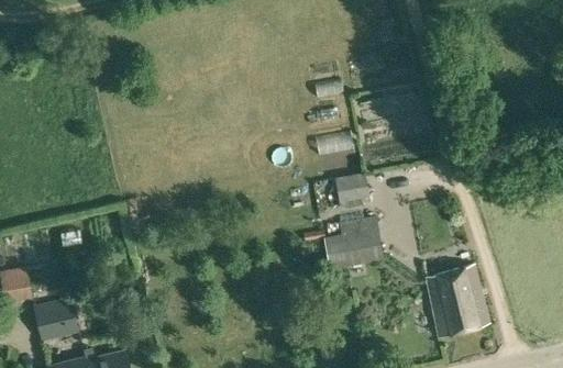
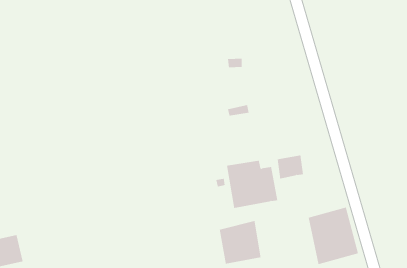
building: [335,172,368,202] -> [277,155,304,179]
building: none -> [219,220,261,264]

